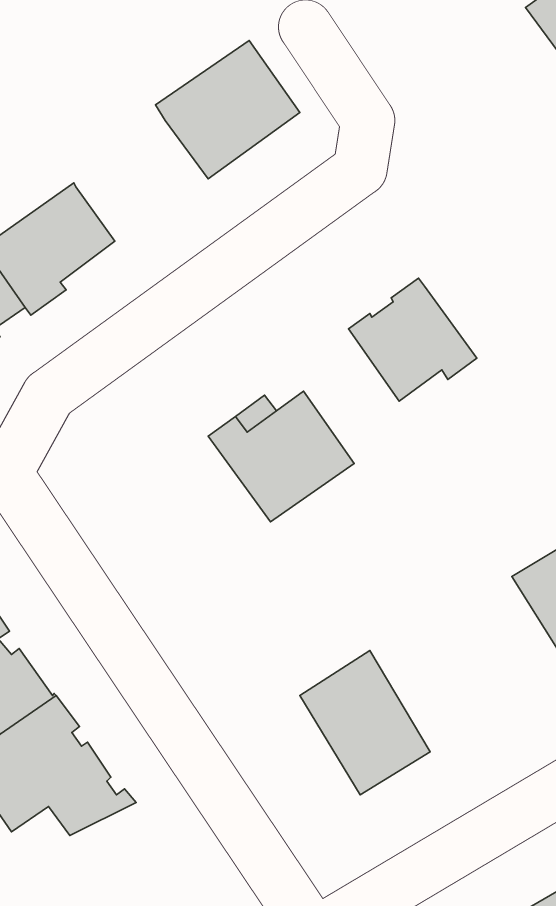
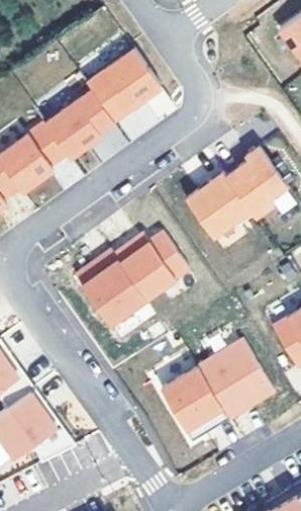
building: none -> [45,90,114,159]
building: none -> [226,146,287,216]
building: none -> [76,249,146,325]
building: none -> [198,339,275,418]

